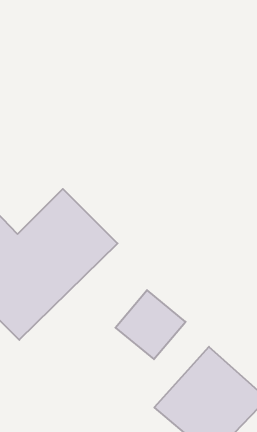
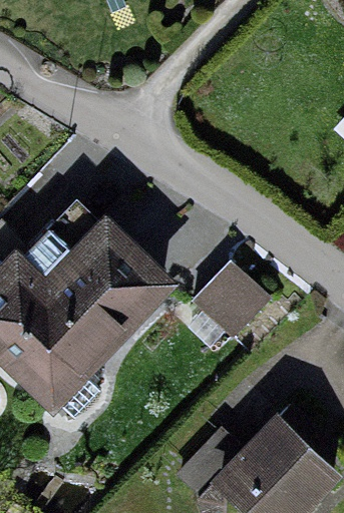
building: [115,290,186,359] -> [188,259,270,340]

